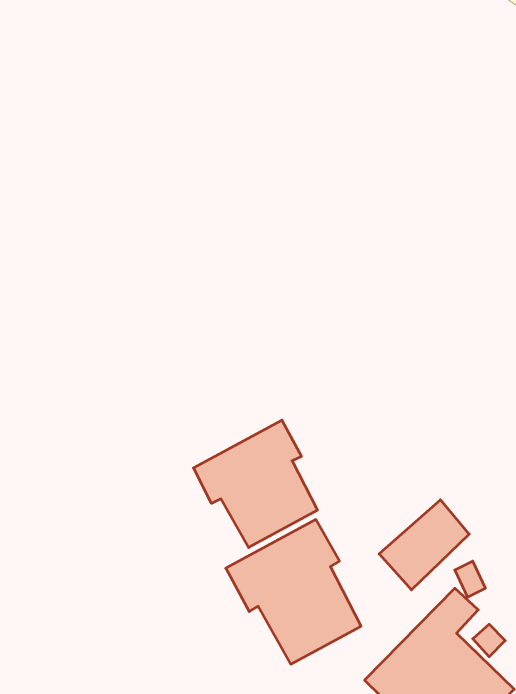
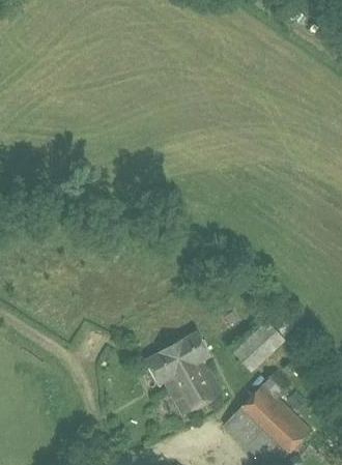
building: [193,420,317,548] -> none

